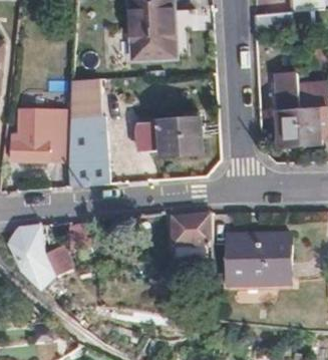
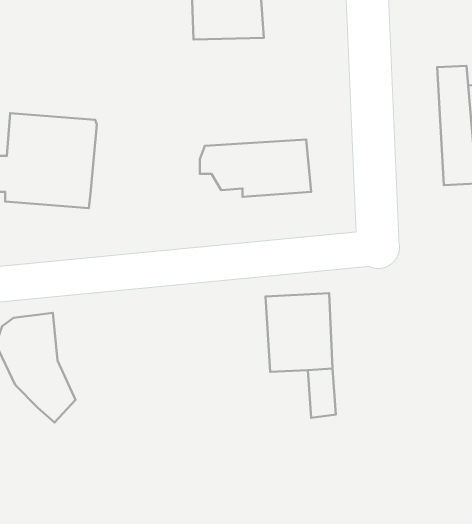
building: [64,78,105,186] -> none
building: [230,234,293,284] -> none

